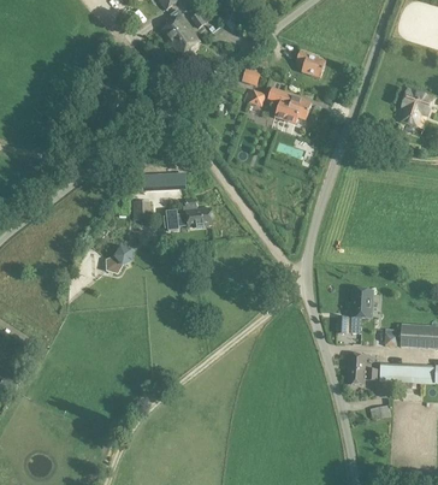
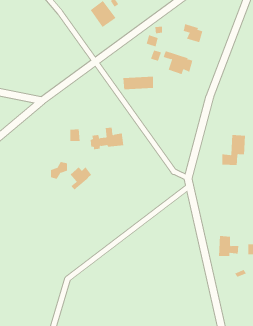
building: [141,171,185,190] -> [123,76,154,90]
building: none -> [70,167,92,190]
building: [337,288,372,332] -> [221,135,246,166]

